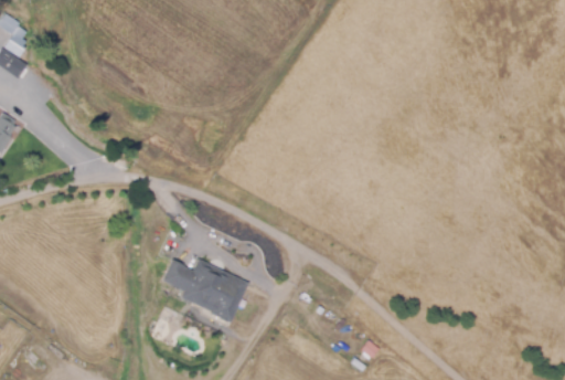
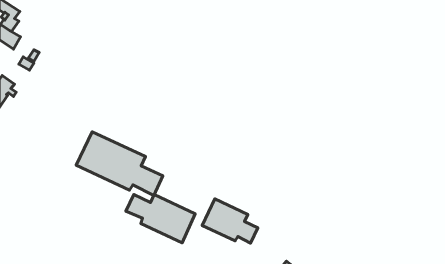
building: none -> [76,132,163,195]
building: none -> [202,199,258,243]

